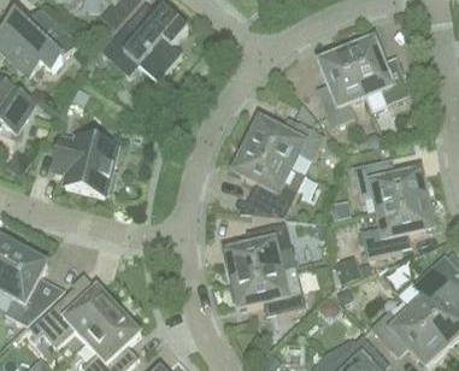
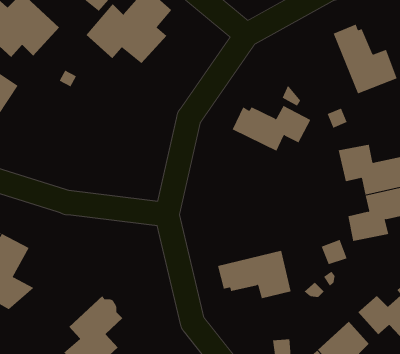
building: [319,48,371,124] -> none
building: [54,134,117,192] -> none
building: [236,143,298,216] -> none
building: [226,220,296,278] -> none
building: [29,284,119,343] -> none

